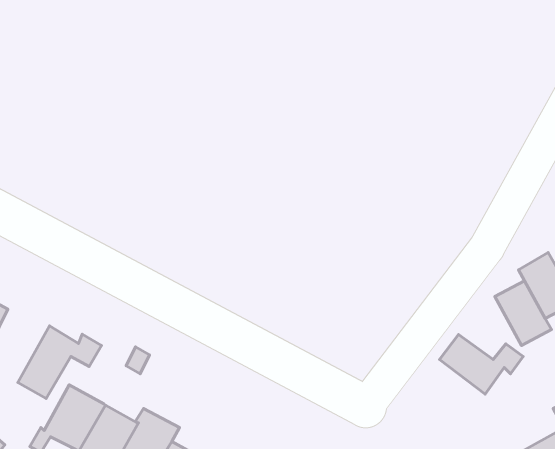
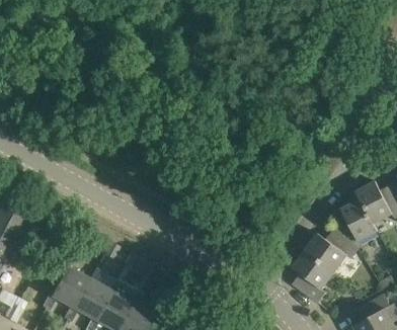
building: [18,326,102,399] -> none
building: none -> [293,250,335,303]

